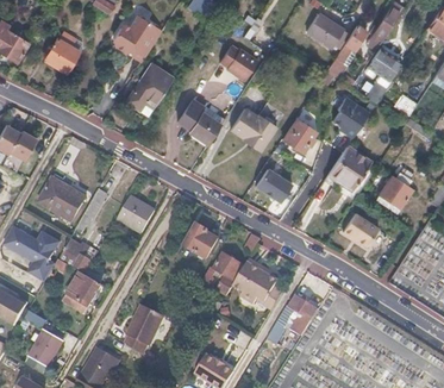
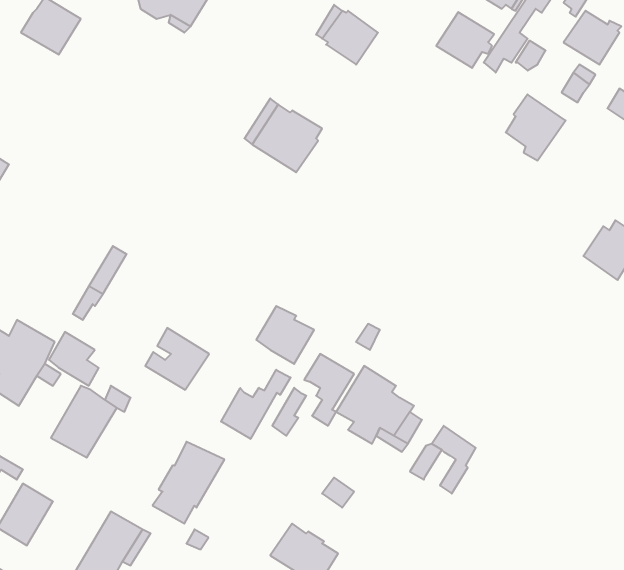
building: [127,63,173,113] -> none
building: [231,106,277,149] -> none
building: [282,117,317,150] -> [436,12,494,68]
building: [329,145,370,189] -> none
building: [256,168,292,201] -> none
building: [37,176,85,221] -> none
building: [118,194,156,231] -> [145,328,209,390]
building: [343,211,380,246] -> none
building: none -> [221,370,291,439]

